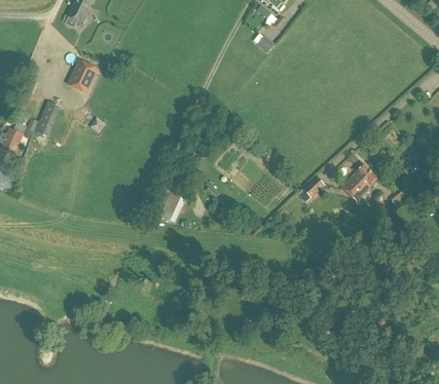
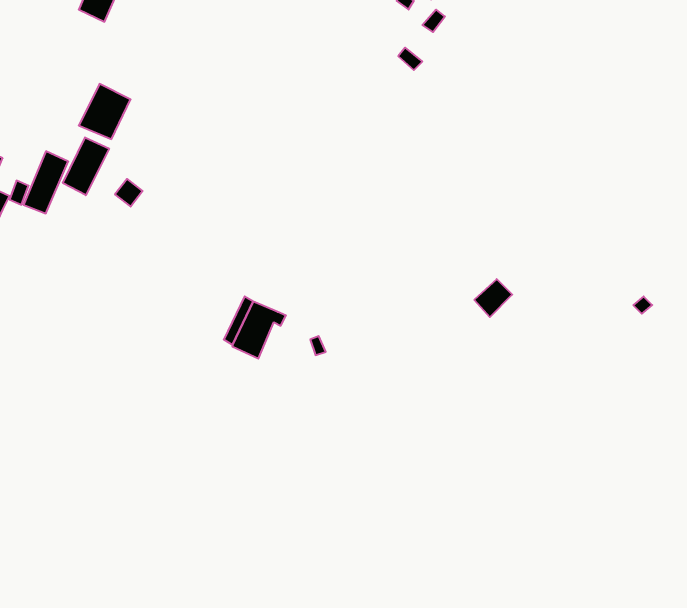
building: none -> [63,137,109,195]
building: [341,164,376,199] -> none

